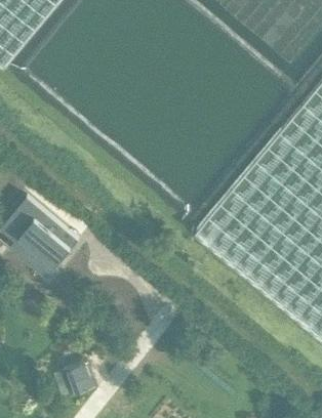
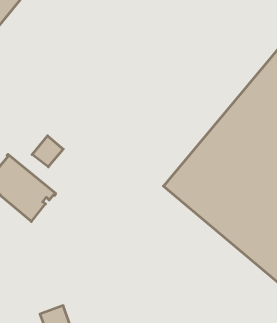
building: none -> [32,136,63,167]

